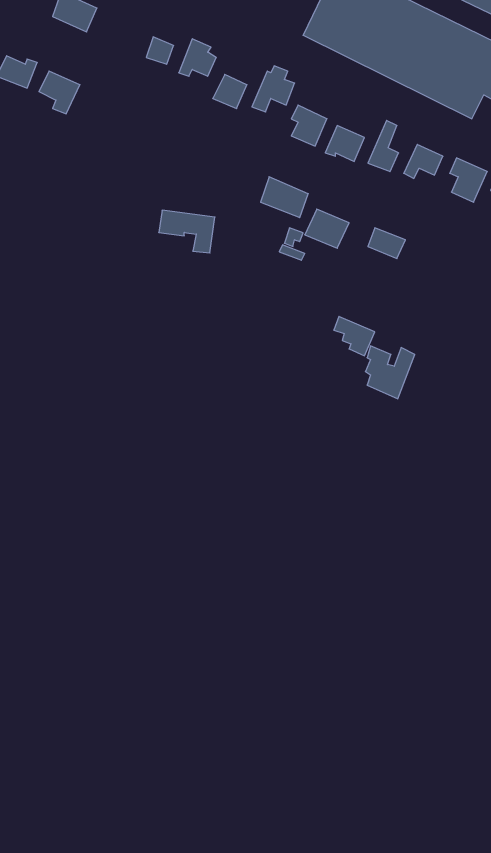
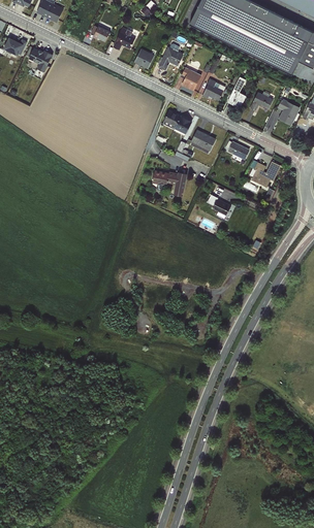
building: [159,210,215,253] -> [153,169,187,195]
building: [365,346,415,399] -> [250,159,280,191]

